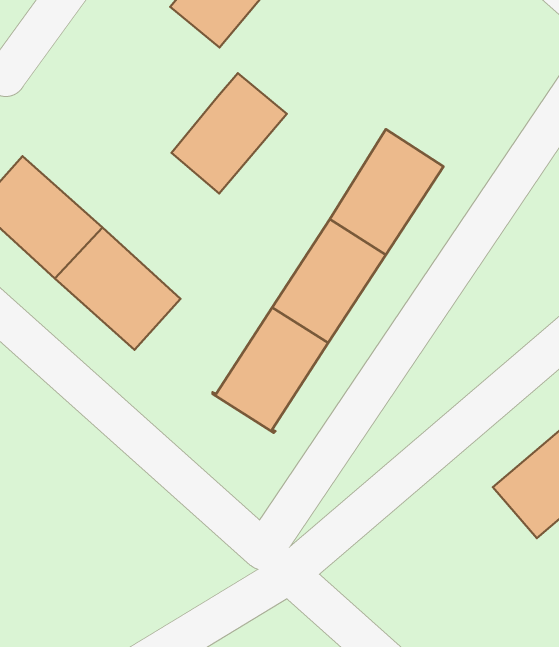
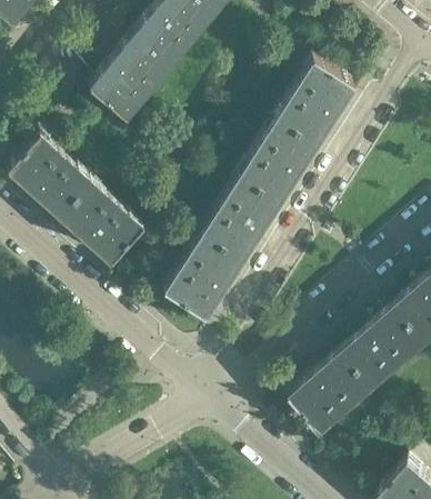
building: none -> [274,62,351,146]
building: [172,73,287,194] -> [90,41,166,120]
building: none -> [291,356,373,437]

